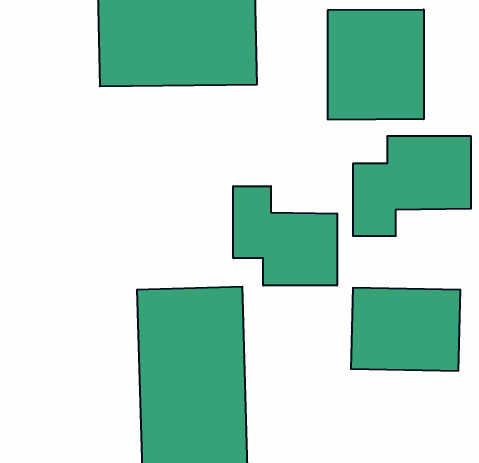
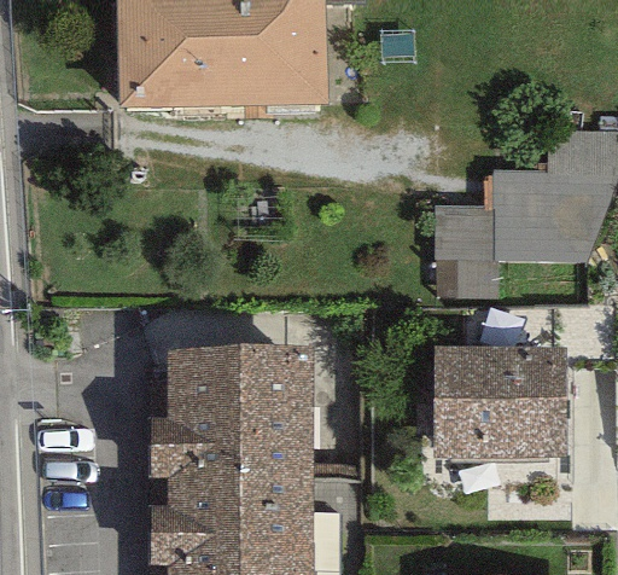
building: [328,9,424,120] -> none
building: [233,186,337,286] -> none

